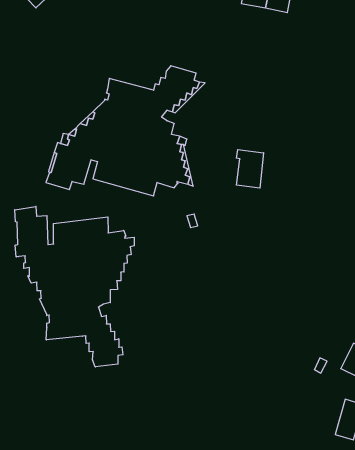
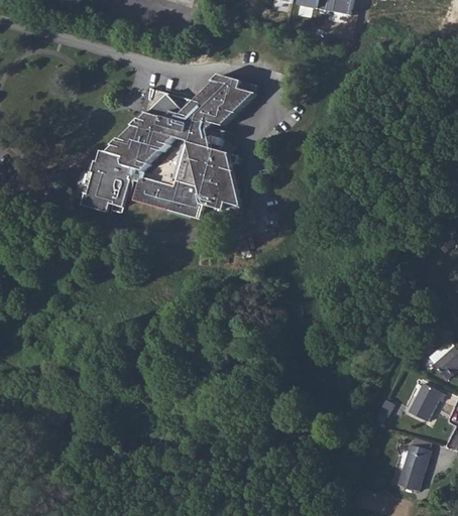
building: [236,150,264,188] -> none
building: [15,206,134,367] -> none

